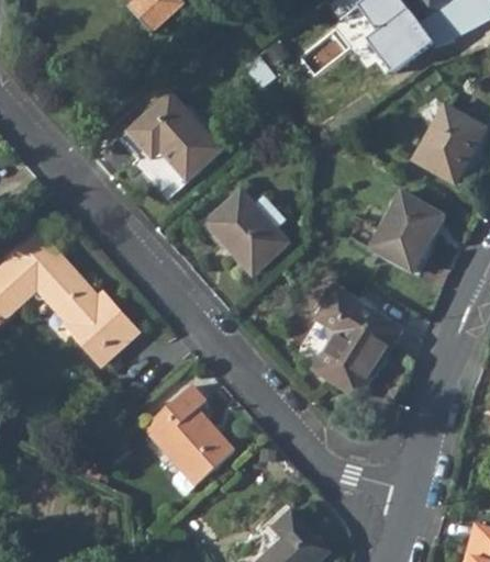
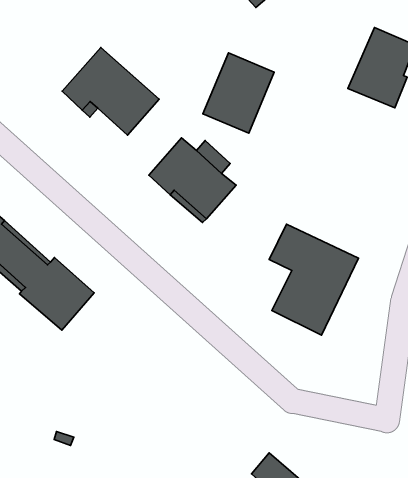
building: [368,191,443,272] -> [203,53,274,133]
building: [145,386,232,492] -> none

